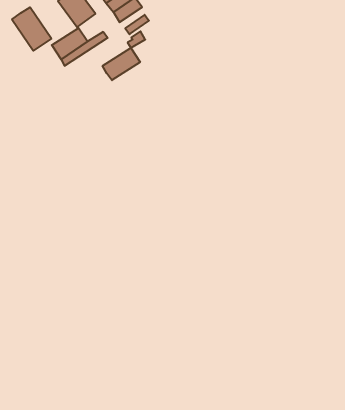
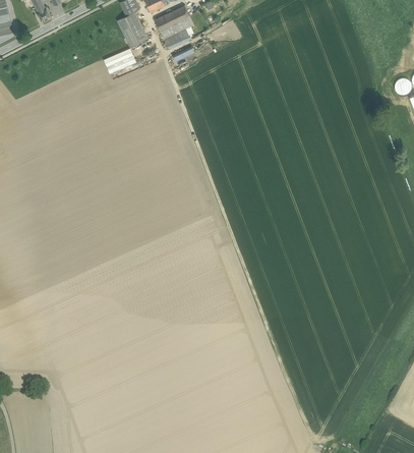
building: [12,7,51,51] -> none
building: [103,48,140,80] -> none

